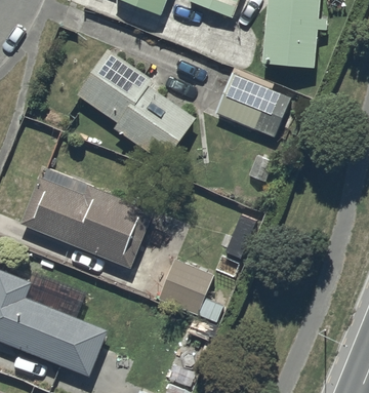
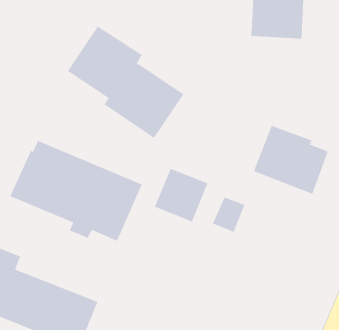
building: [214,67,291,137] -> [253,125,329,195]
building: [158,259,213,314] -> [154,168,209,222]

